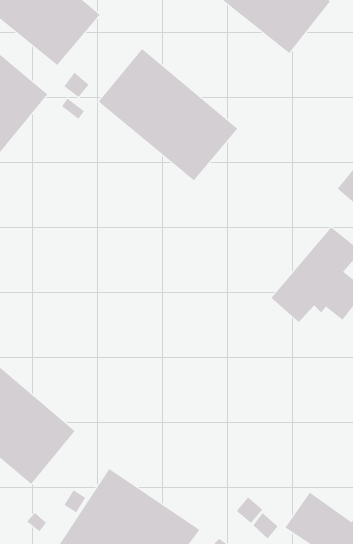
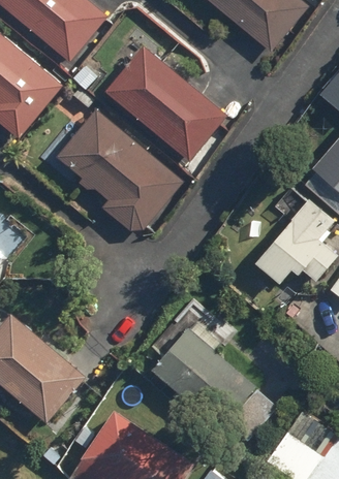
building: none -> [57,108,182,228]
building: none -> [152,326,255,427]

